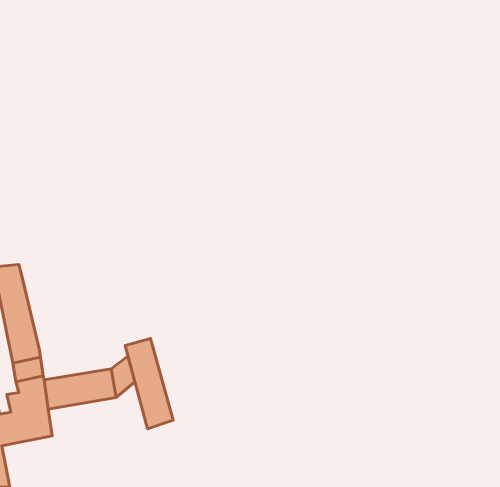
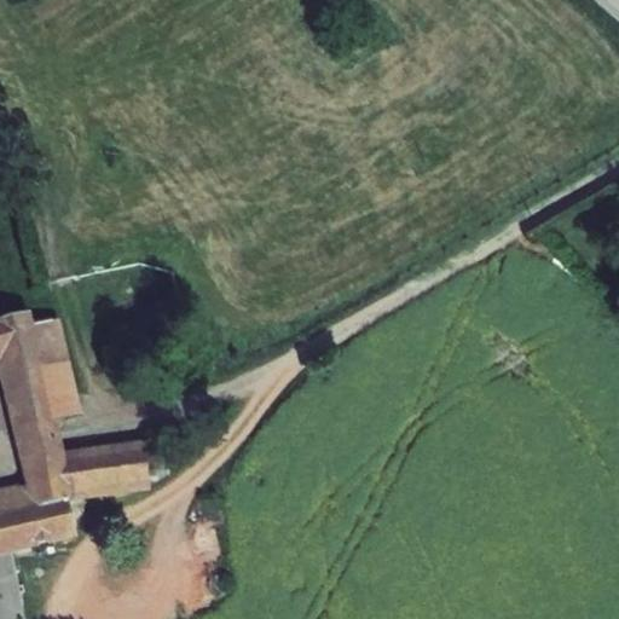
building: none -> [27,331,75,430]
building: [125,339,173,429] -> none

